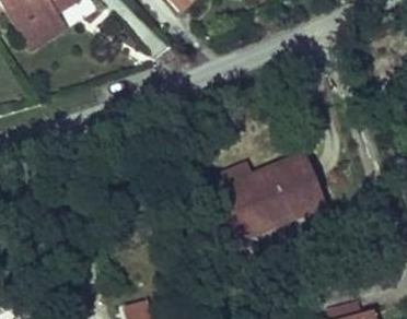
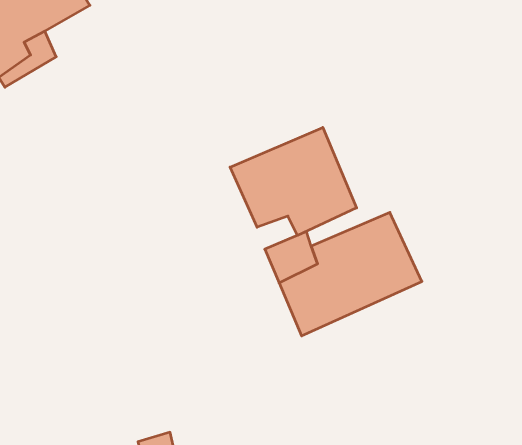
building: none -> [230,127,357,235]

